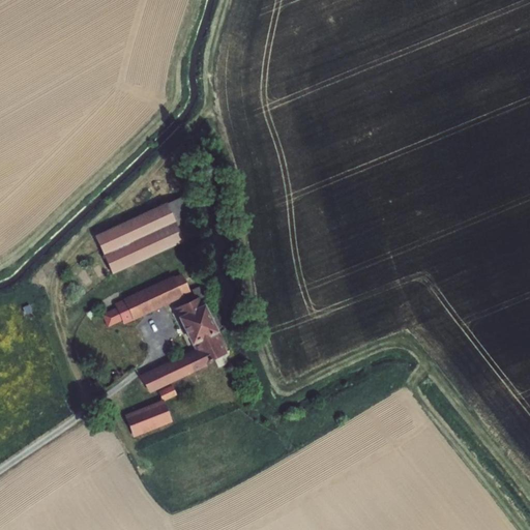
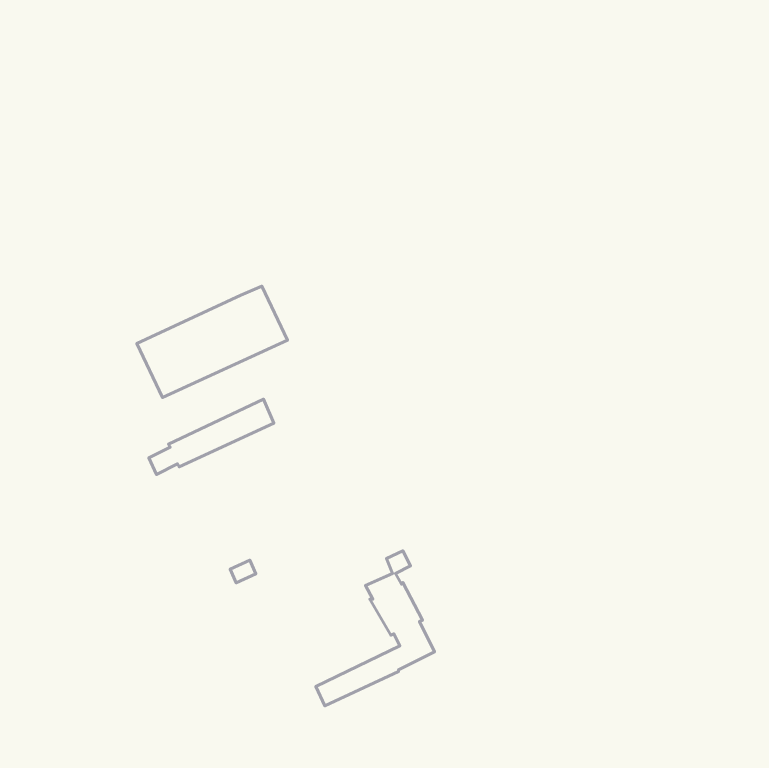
building: [143,284,225,390] -> [316,551,435,706]
building: [126,403,170,433] -> none

